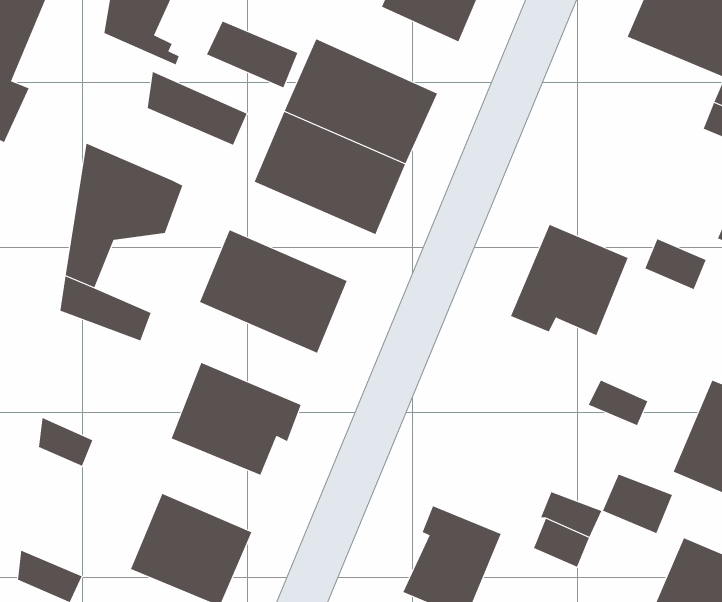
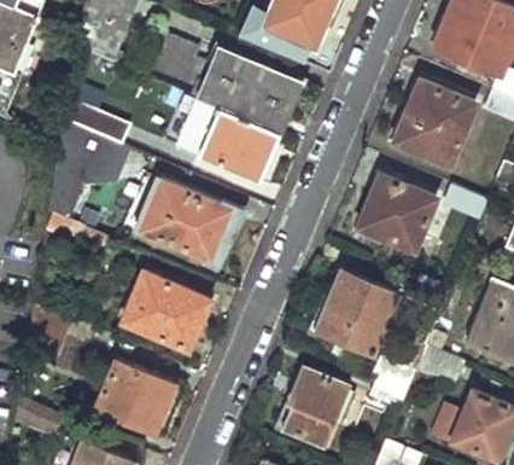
building: [147,71,248,145] -> [64,93,133,144]
building: none -> [392,80,474,165]
building: none -> [314,268,398,353]

